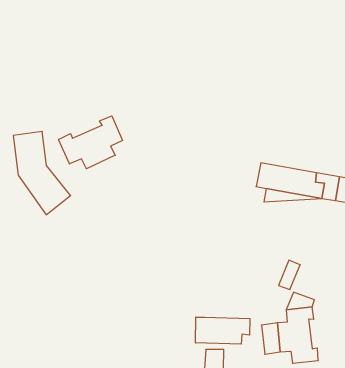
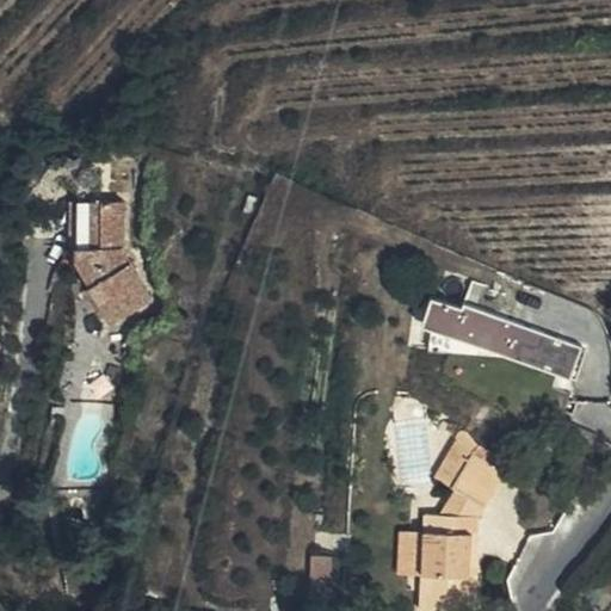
building: [59,116,123,169] -> none
building: none -> [448,451,501,505]
building: [196,317,250,344] -> none

